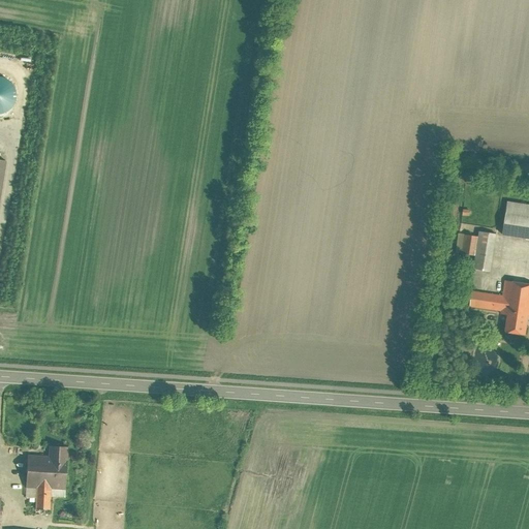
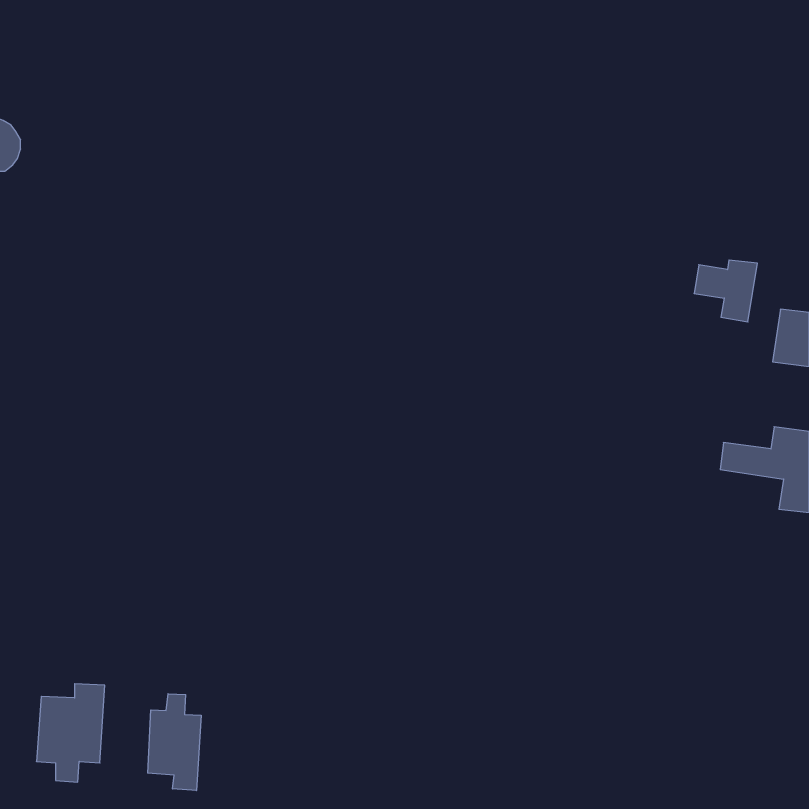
building: [457,231,498,272] -> [694,260,757,322]
building: none -> [148,694,201,791]

